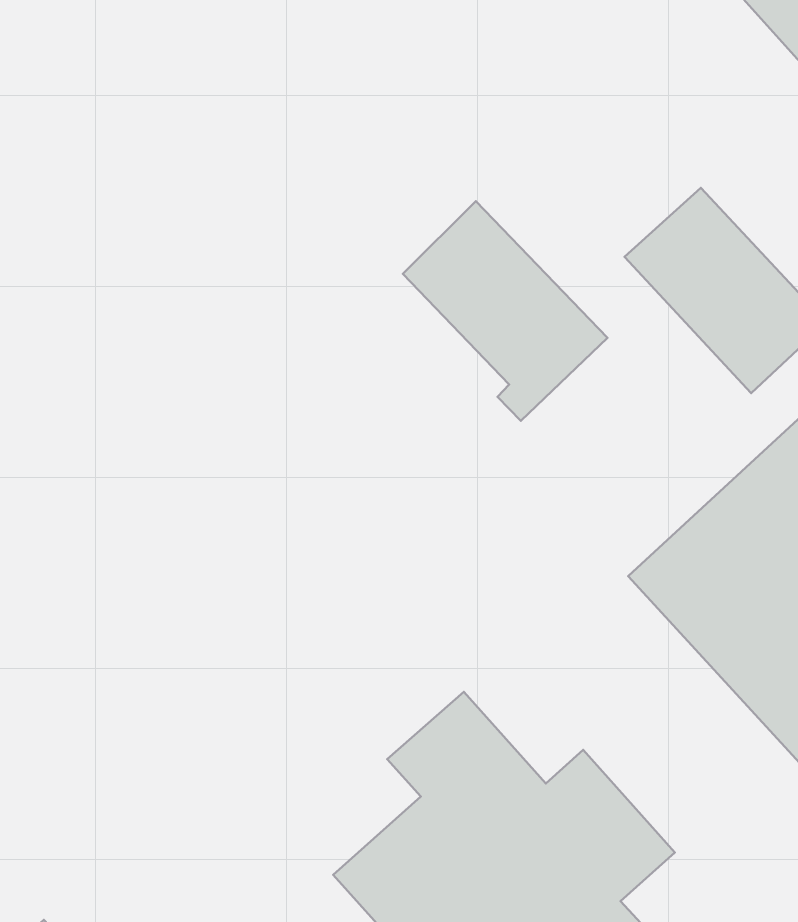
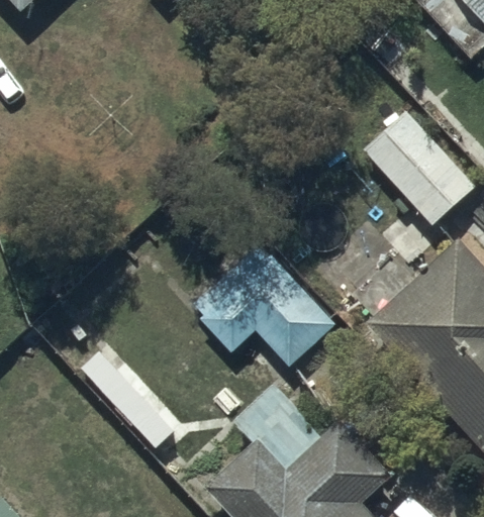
building: [403,201,607,421] -> none
building: none -> [193,244,336,369]

